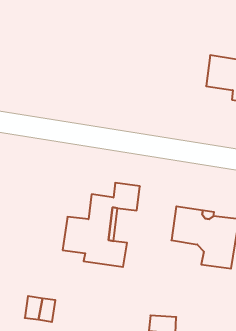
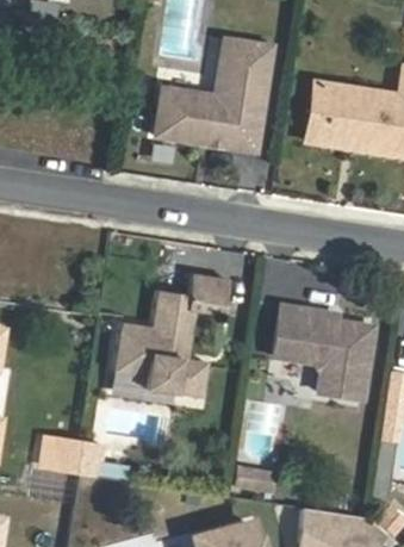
building: none -> [157,37,273,148]
building: none -> [309,83,360,150]

